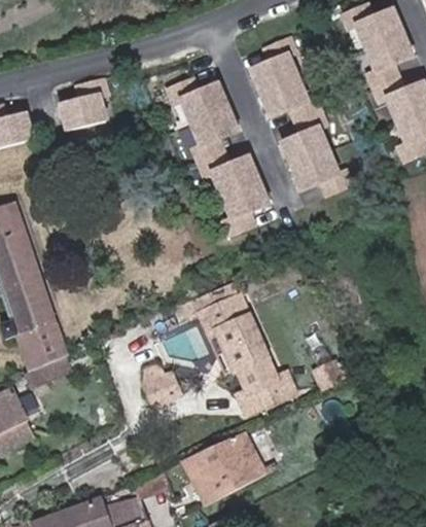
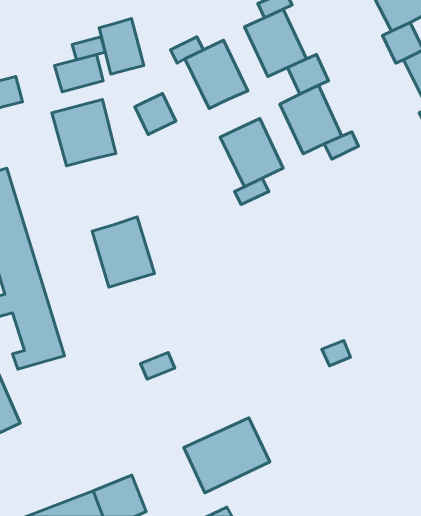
building: none -> [99,19,144,74]
building: none -> [52,99,116,166]
building: [198,136,236,174] -> [135,94,176,134]
building: none -> [92,217,155,287]
building: [193,290,299,417] -> none

